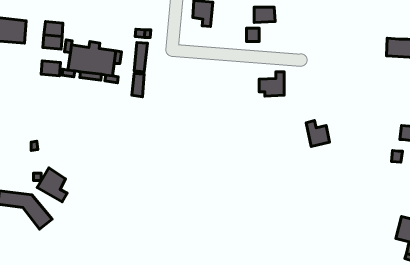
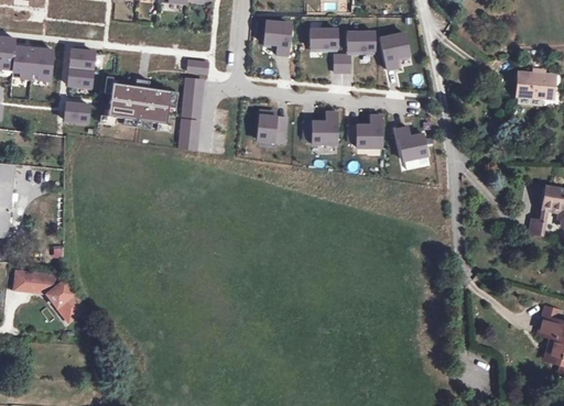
building: none -> [307,29,335,48]
building: none -> [382,30,411,66]
building: none -> [303,111,336,143]
building: none -> [259,112,289,143]
building: [306,120,330,146] -> [397,124,427,158]
building: [37,168,67,202] -> none

